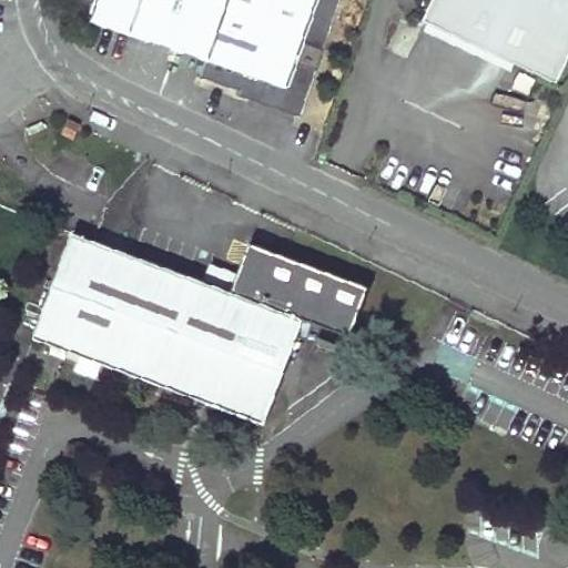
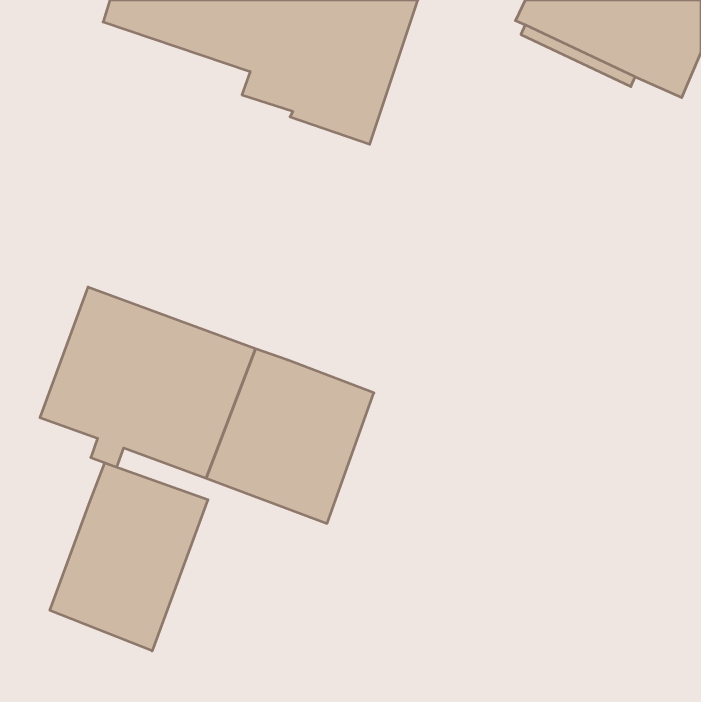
building: [232,242,368,335] -> none
building: none -> [50,463,208,651]

